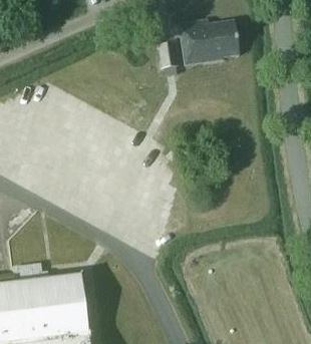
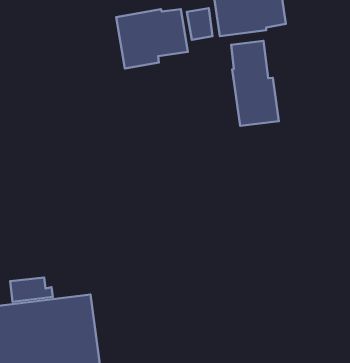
building: none -> [116,9,188,69]
building: none -> [231,41,279,126]

